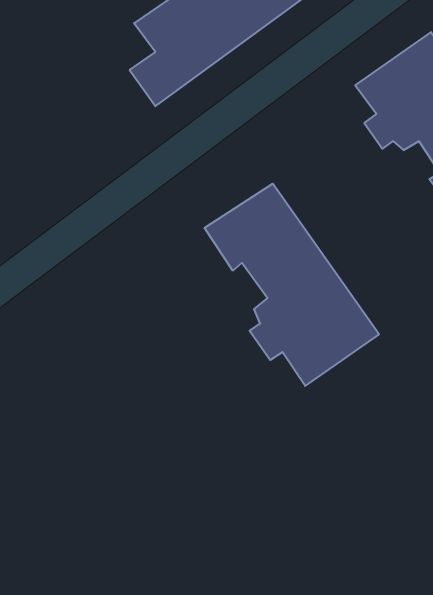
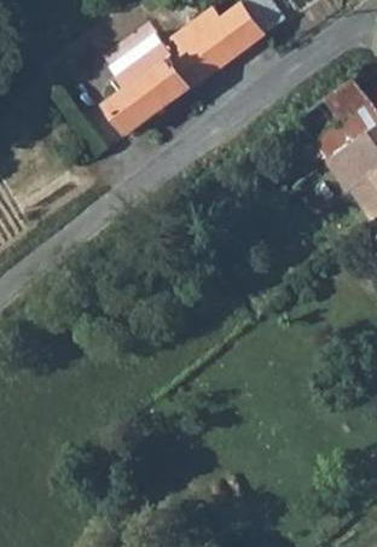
building: [205,184,379,386] -> none

